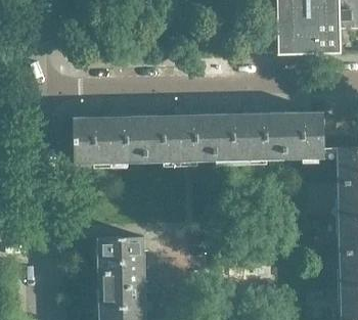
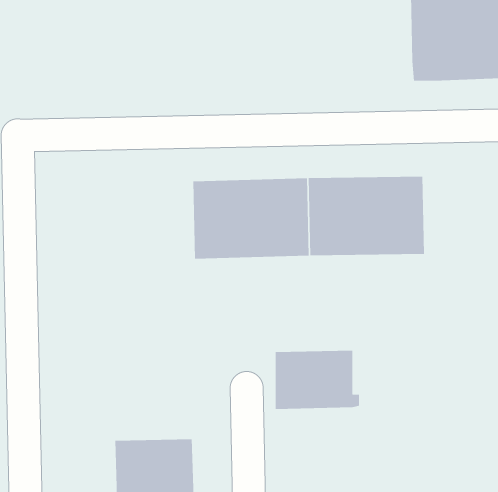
building: [283,111,324,159] -> none
building: [74,116,145,164] -> none
building: [97,236,148,272] -> [275,350,360,409]

